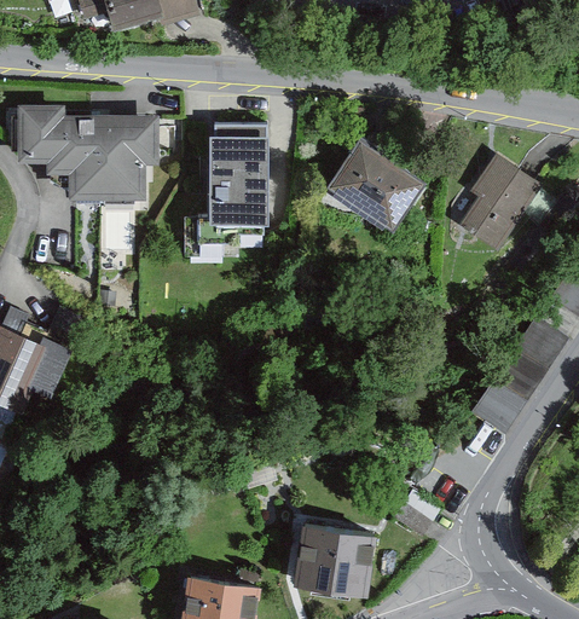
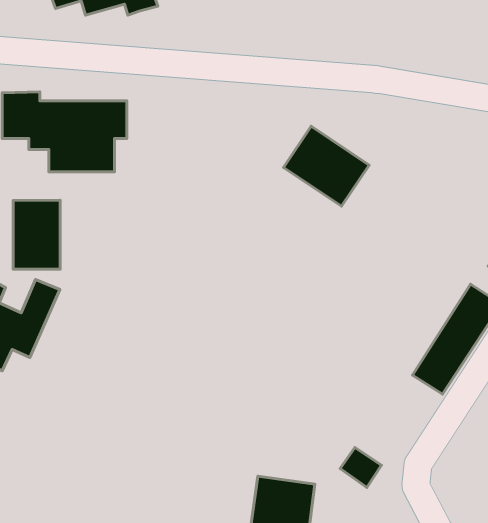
building: [185,125,265,260] -> none
building: [462,161,532,247] -> none
building: none -> [13,200,60,269]

